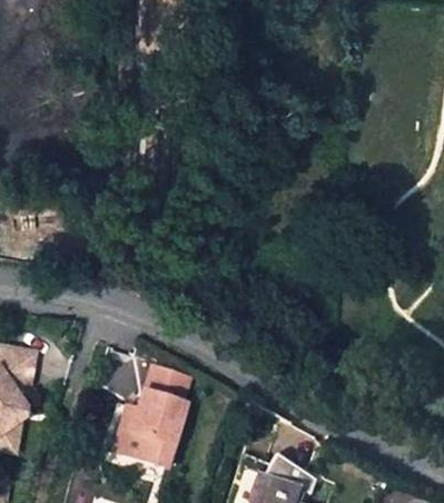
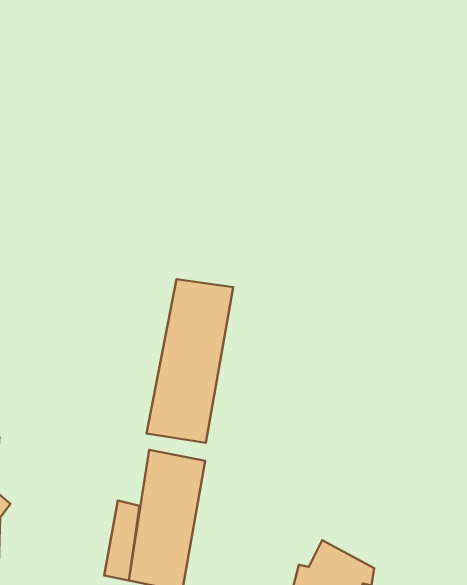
building: none -> [147,279,233,443]

